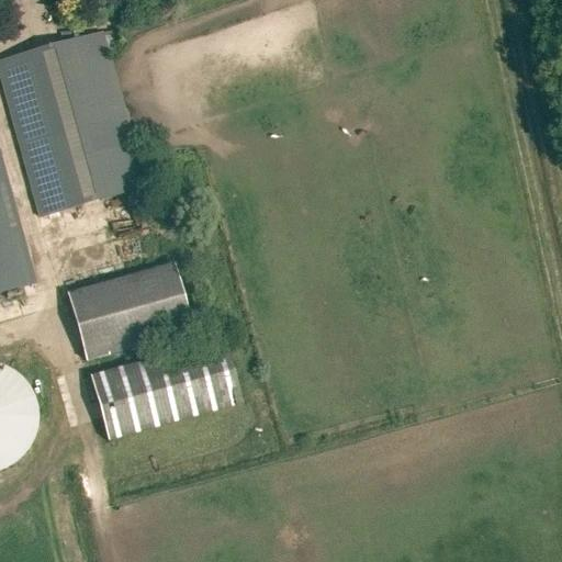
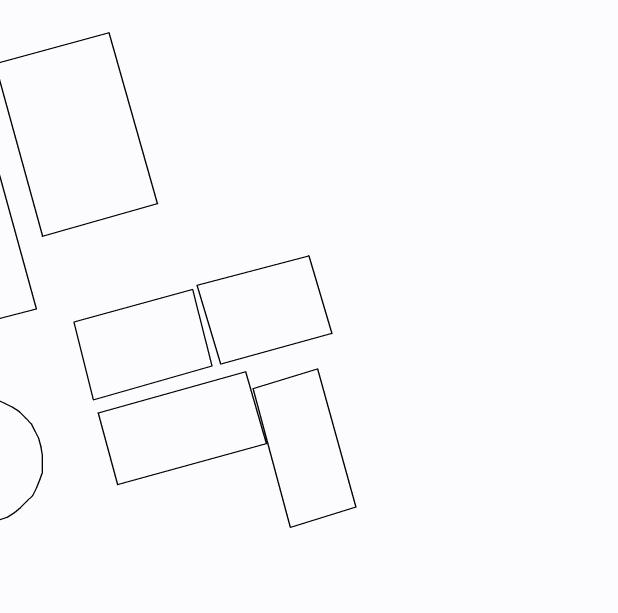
building: none -> [197,256,332,364]
building: none -> [253,369,356,527]

